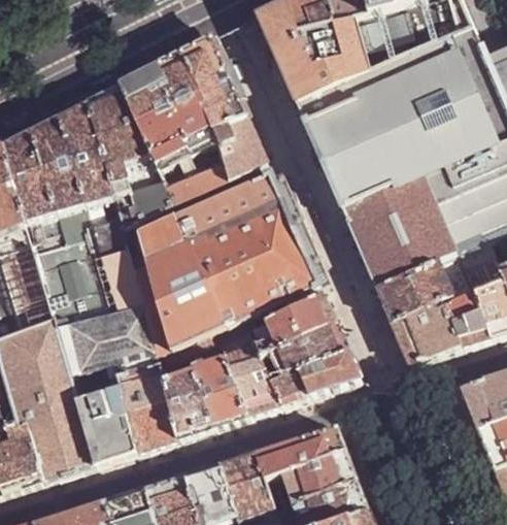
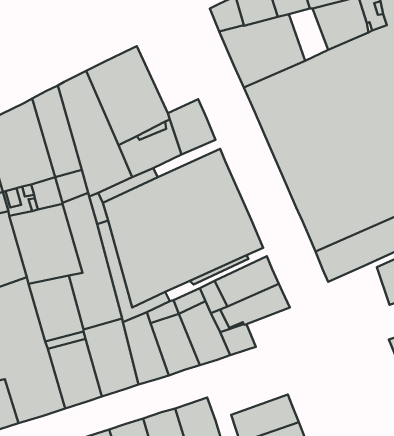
building: [346,14,391,73] -> none
building: [175,38,244,132] -> none
building: [391,303,460,363] -> none
building: [299,351,358,395] -> none
building: [255,426,345,478] -> none

